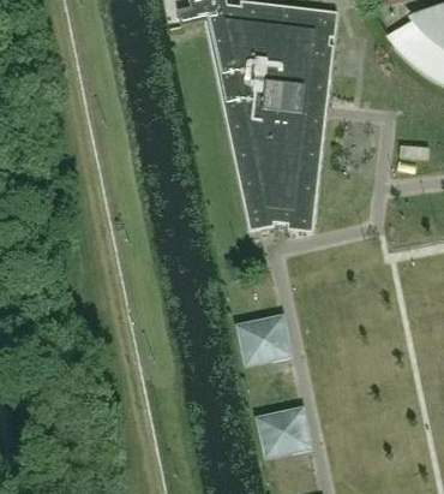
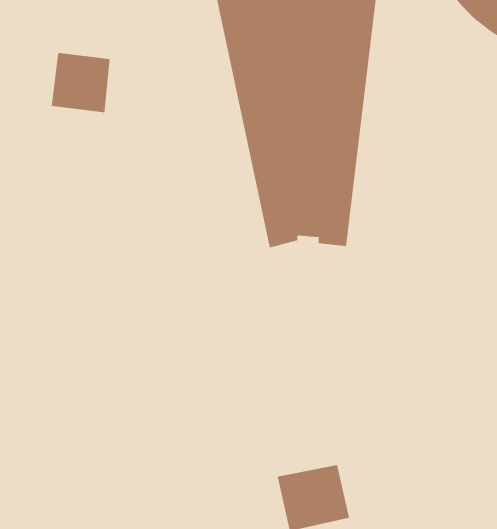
building: none -> [51,52,110,113]
building: [235,311,292,364] -> none

